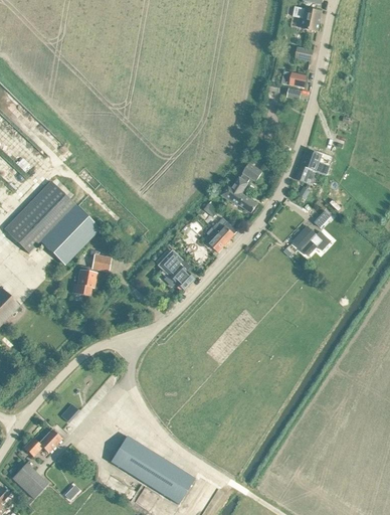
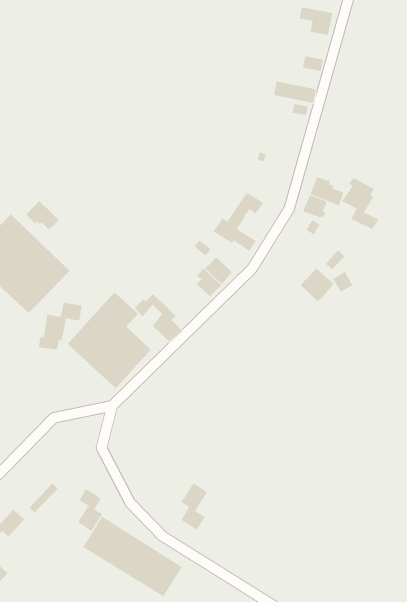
building: none -> [341,177,380,230]
building: none -> [26,200,60,230]
building: none -> [67,291,152,389]
building: none -> [180,482,208,531]
building: none -> [77,488,103,532]

